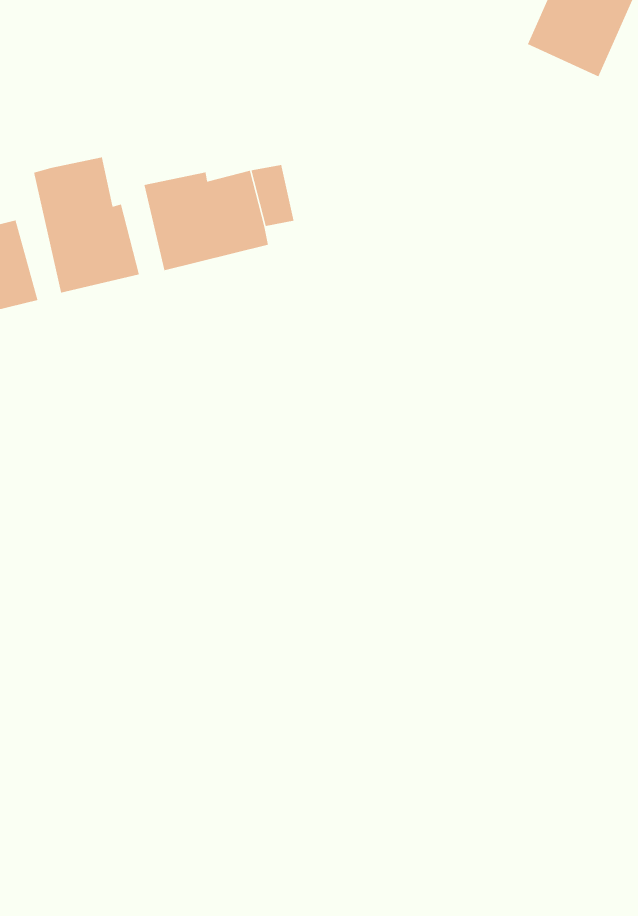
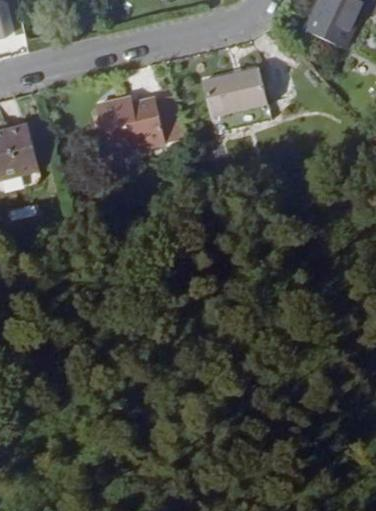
building: none -> [201,67,266,117]
building: [33,157,140,293] -> none

